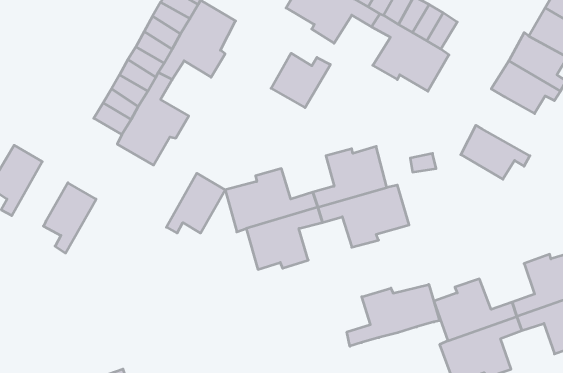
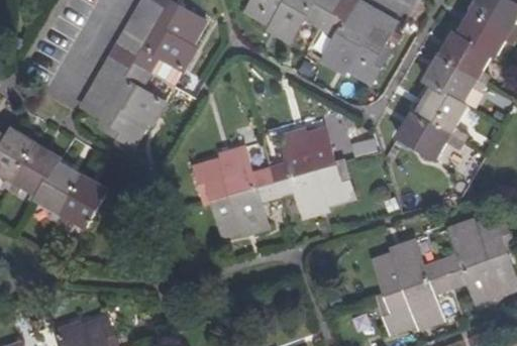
building: [271,53,330,108] -> none
building: none -> [415,86,464,136]
building: none -> [10,141,62,193]
building: [166,173,225,233] -> [57,174,107,225]
building: [347,284,440,346] -> none

